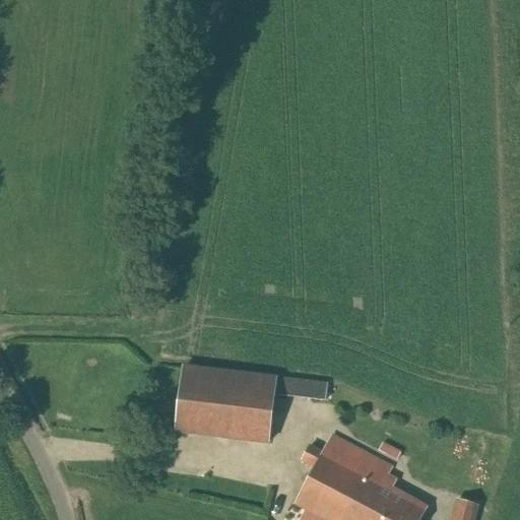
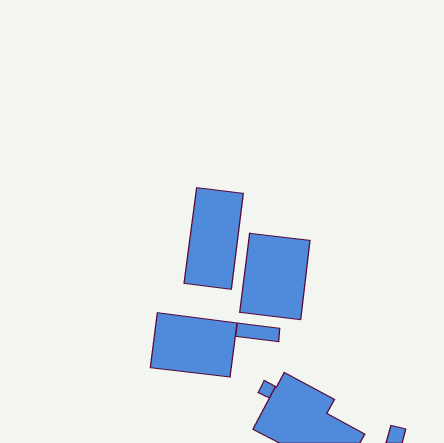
building: none -> [184,188,243,289]
building: none -> [240,233,310,320]

